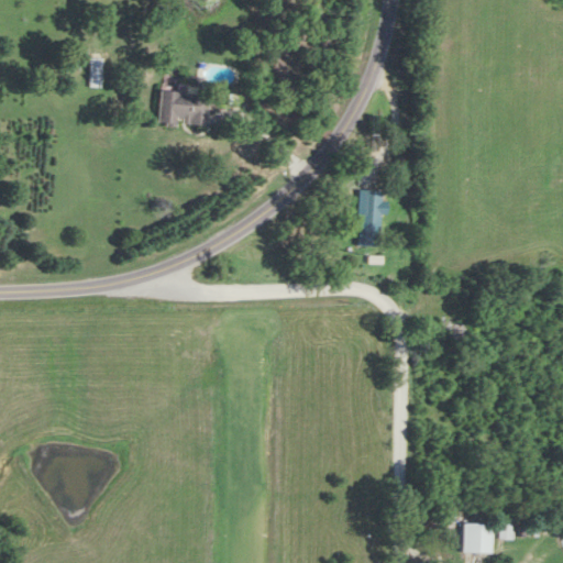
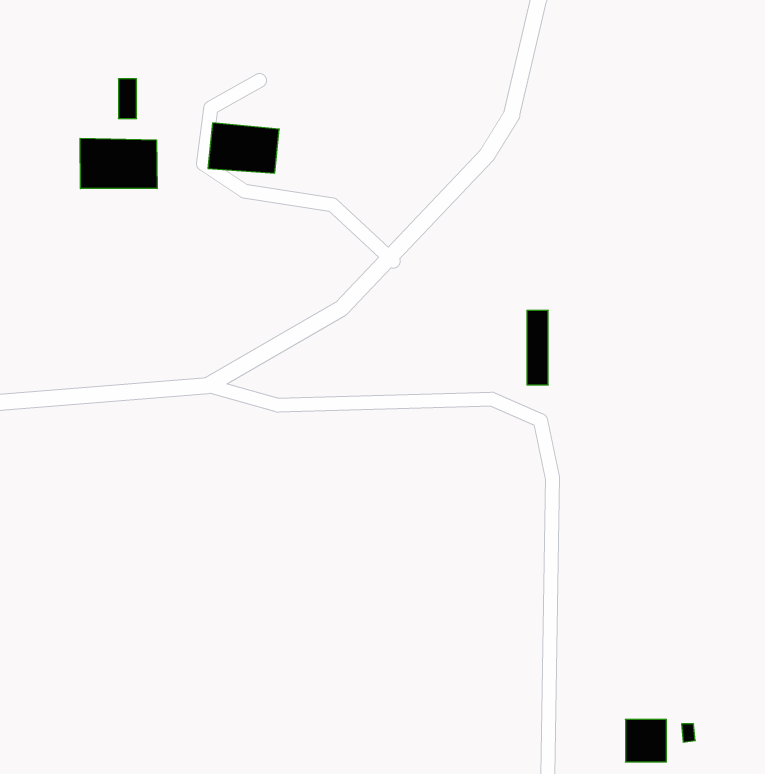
building: none -> [80,138,157,189]
building: [363,190,378,244] -> [527,310,548,385]

